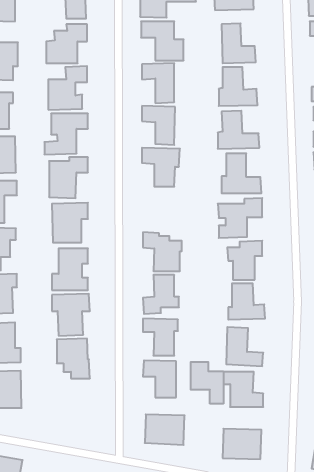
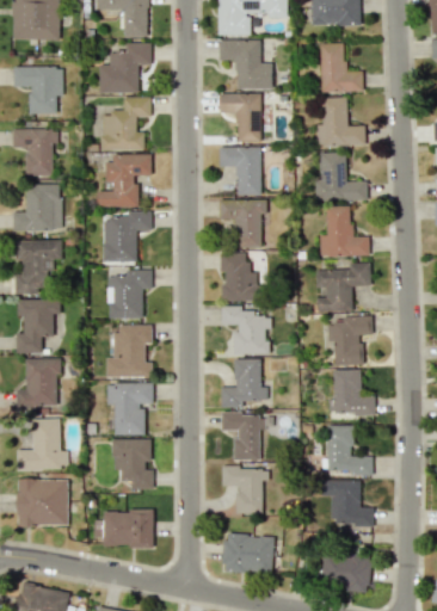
building: none -> [220,252,252,301]
building: [191,362,223,404] -> none
building: none -> [94,510,154,547]

